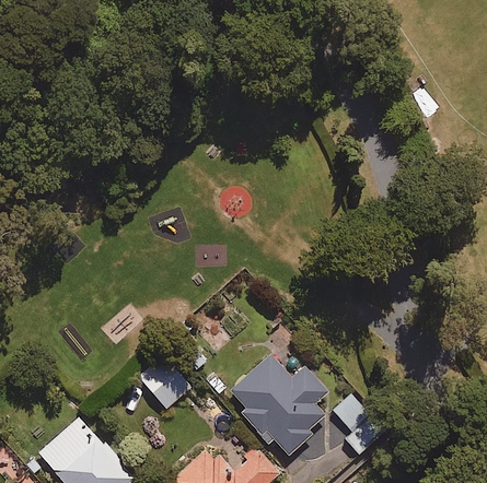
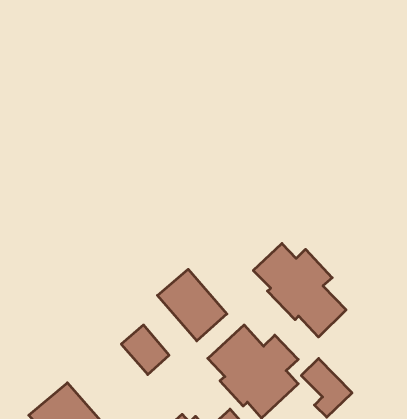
building: none -> [253,243,346,337]
building: none -> [157,269,227,341]

